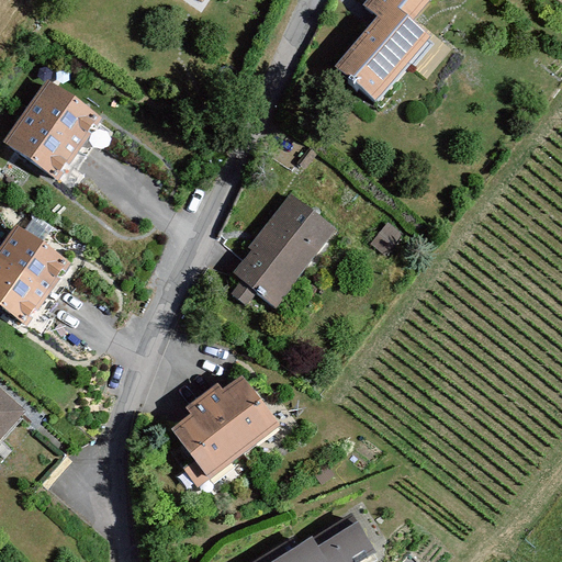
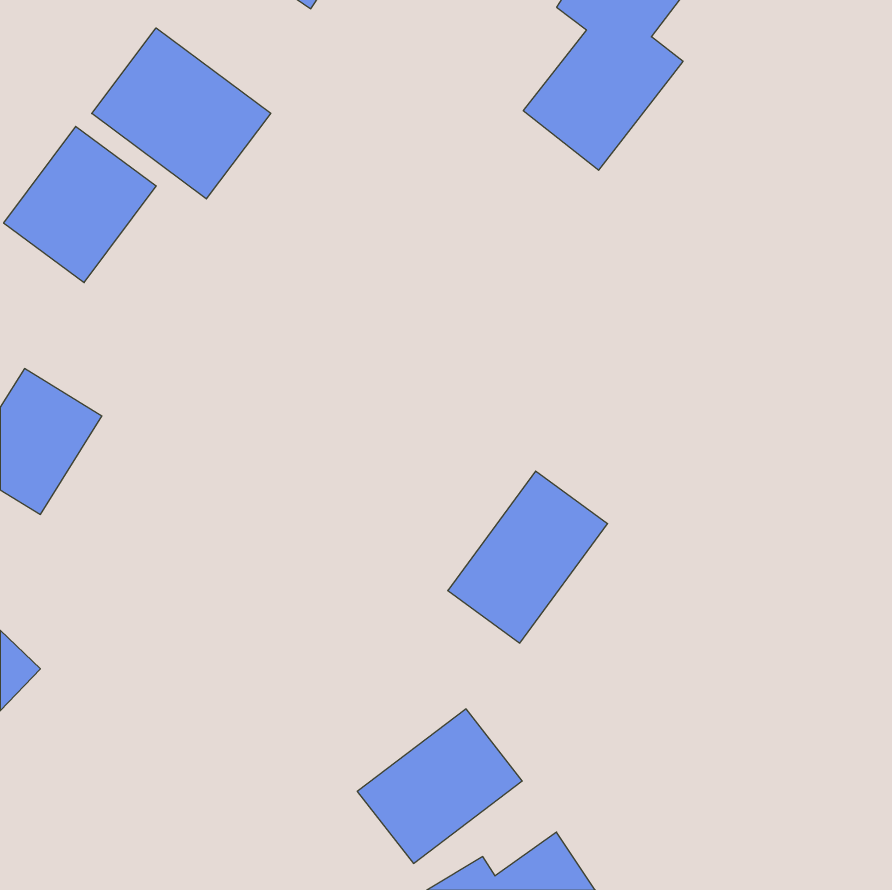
building: none -> [92,28,271,199]
building: [231,196,330,304] -> [448,471,608,643]
building: [170,376,273,473] -> [357,709,522,863]

